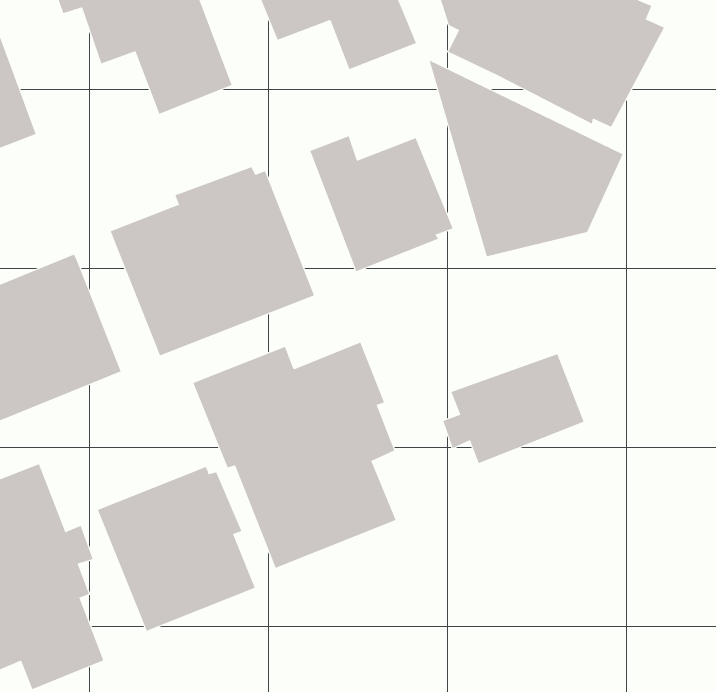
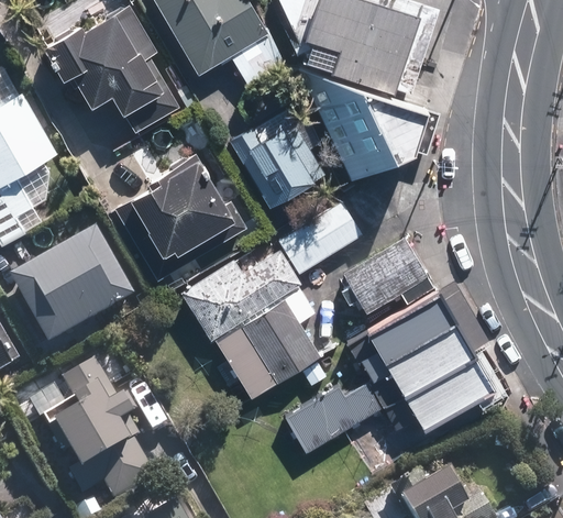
building: none -> [278,203,361,274]
building: none -> [282,294,493,456]
building: [97,466,255,632] -> none

